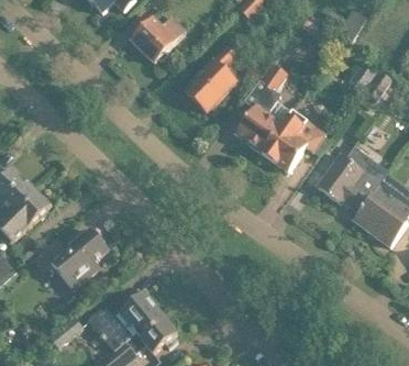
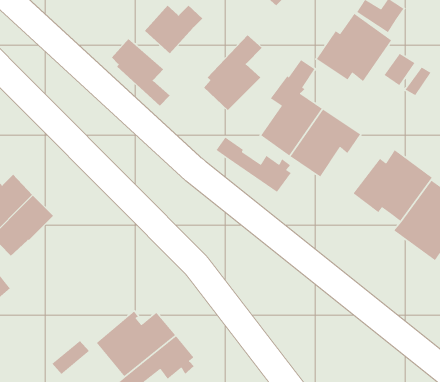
building: none -> [316,13,392,82]
building: none -> [111,38,170,107]
building: none -> [215,137,292,193]
building: [32,231,108,291] -> none

